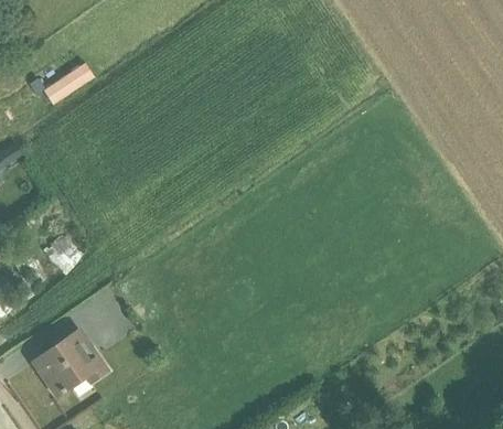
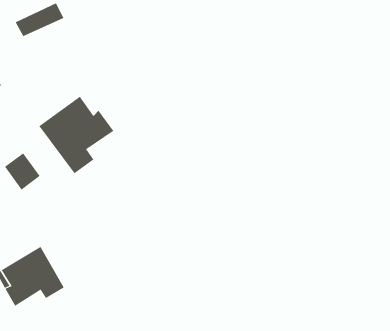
building: none -> [39,96,114,174]

